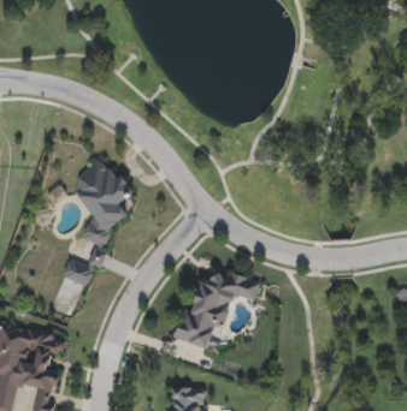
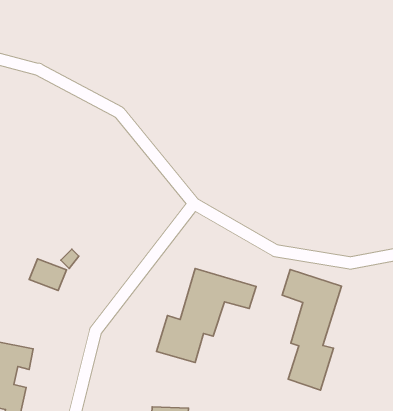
building: [73,159,132,250] -> none
building: none -> [282,269,341,390]

